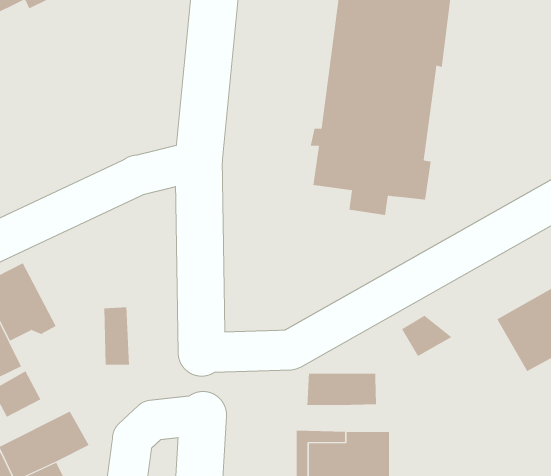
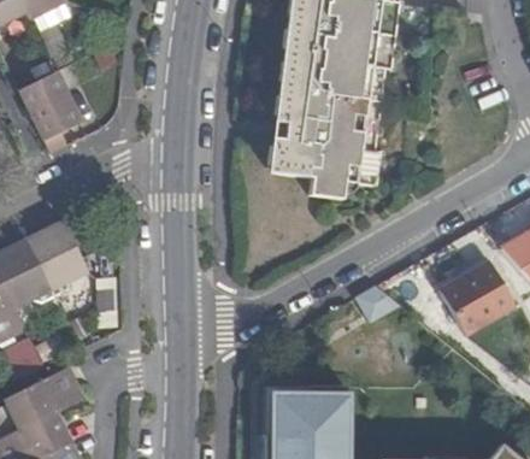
building: none -> [18,70,81,153]
building: none -> [25,219,88,294]
building: [307,373,376,406] -> none

